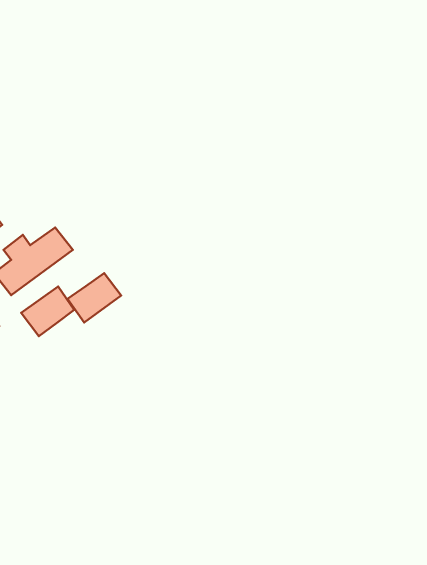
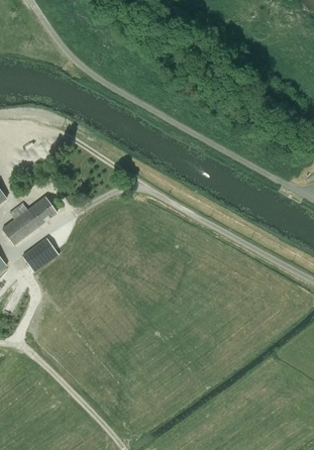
building: [68,273,121,323] -> none

